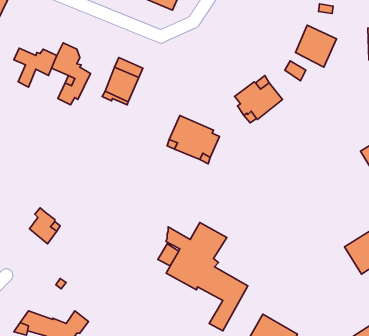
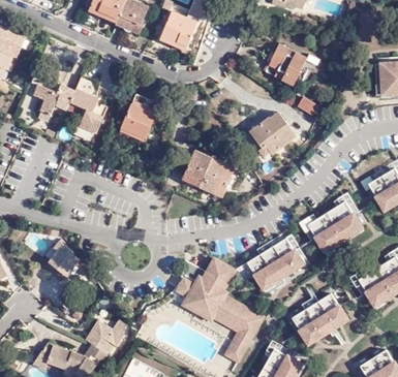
building: [296,25,337,67] -> [267,44,307,86]
building: none -> [306,201,361,252]
building: none -> [241,238,310,289]
building: none -> [299,295,355,346]
building: none -> [85,319,125,353]

